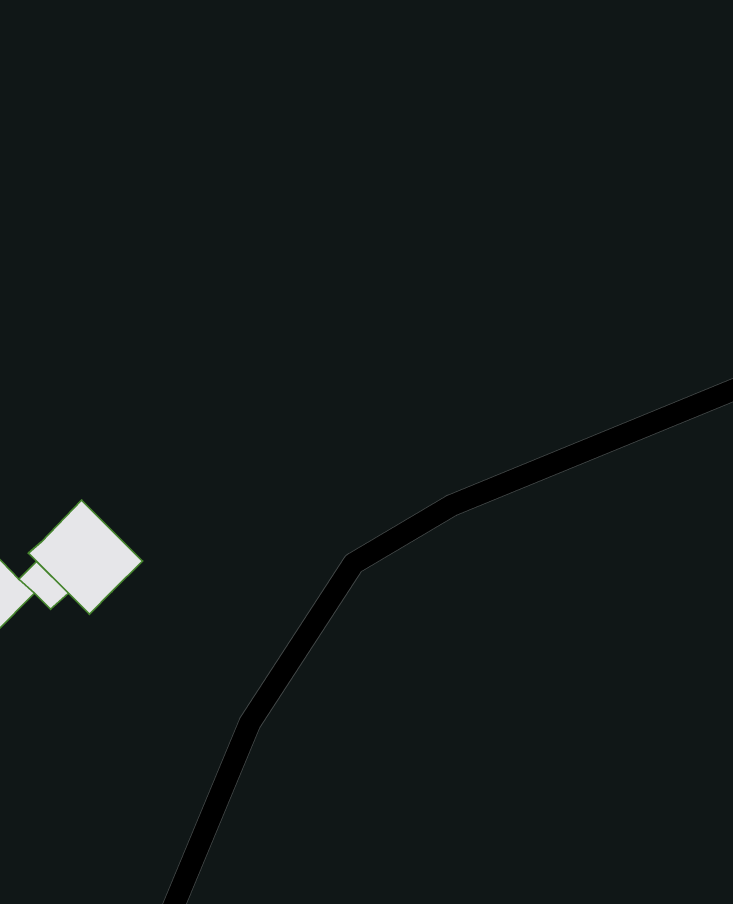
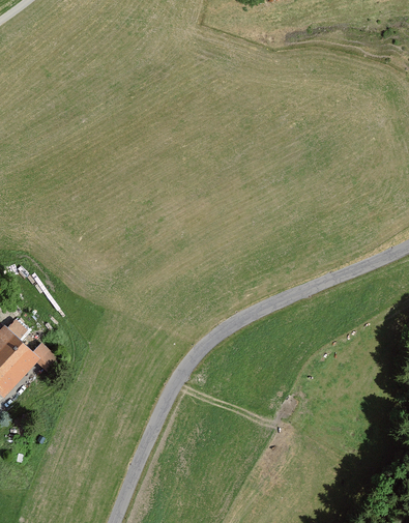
building: [28,500,143,614] -> none

